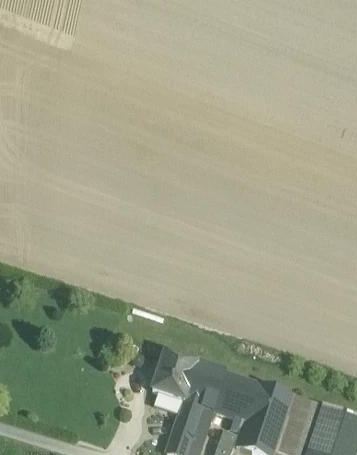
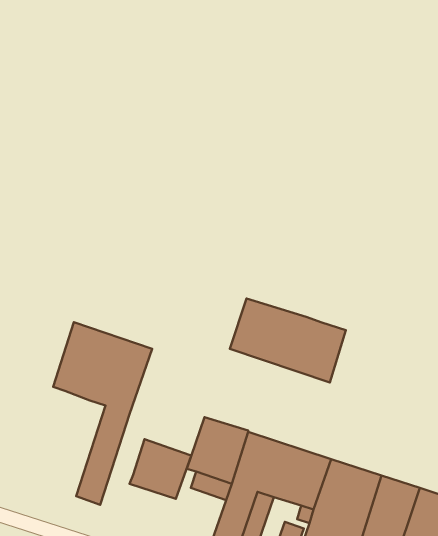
building: none -> [230,299,346,382]
building: none -> [53,322,152,505]
building: none -> [130,439,191,499]

